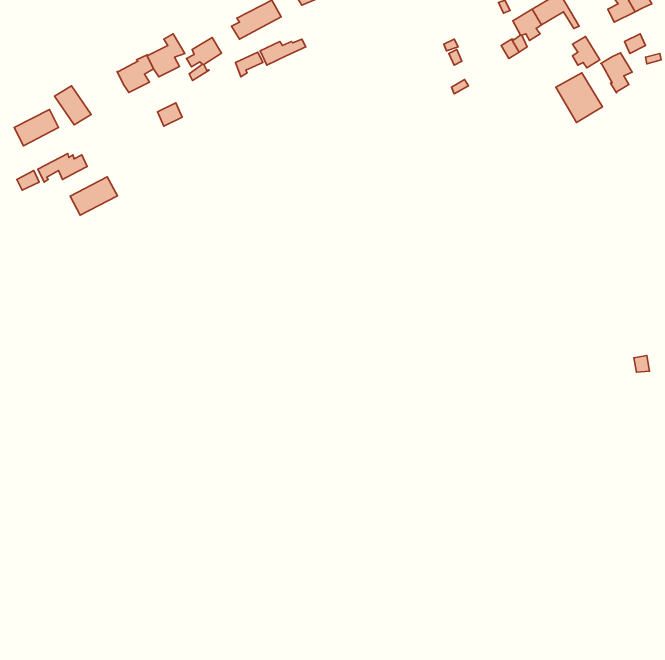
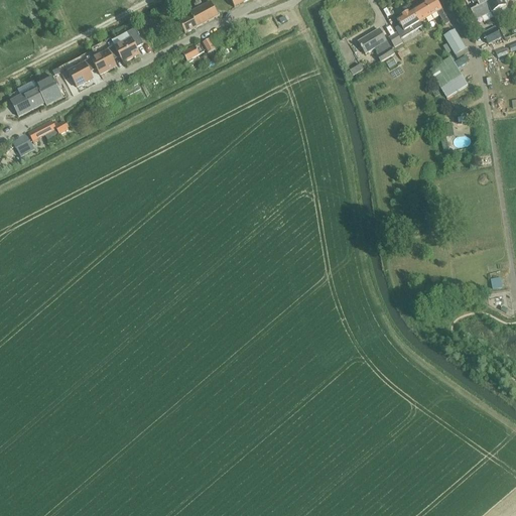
building: none -> [359,27,395,60]
building: [187,37,222,80] -> none
building: [601,53,632,93] -> none
building: none -> [68,54,96,85]
building: [70,177,117,215] -> none

